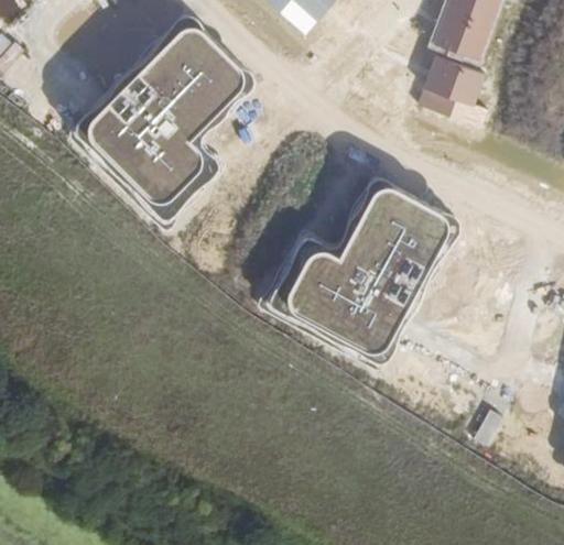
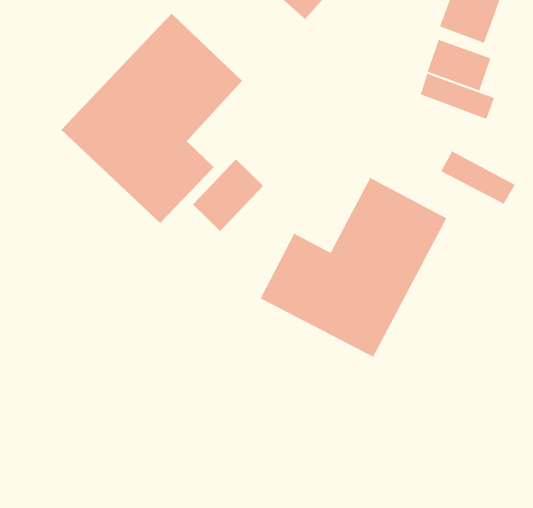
building: none -> [441,151,516,205]
building: none -> [192,158,264,232]

